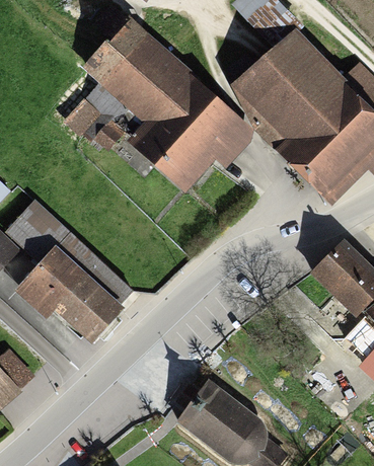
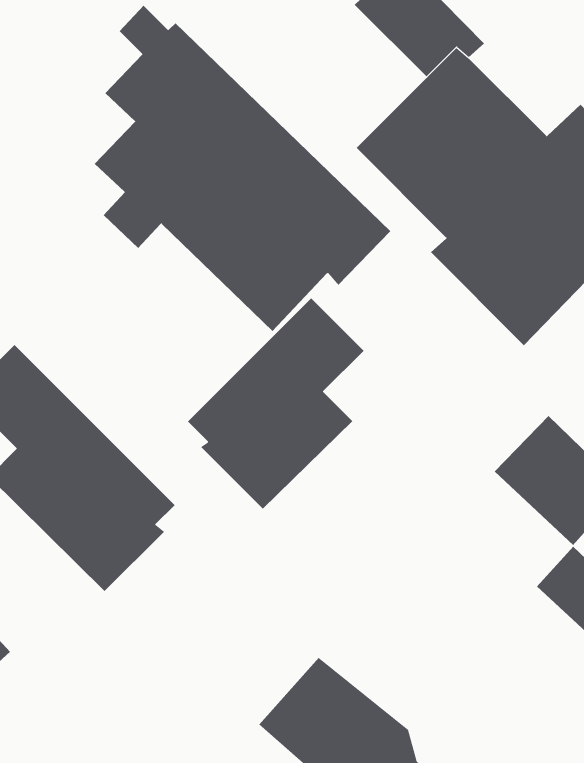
building: none -> [187,297,365,509]

